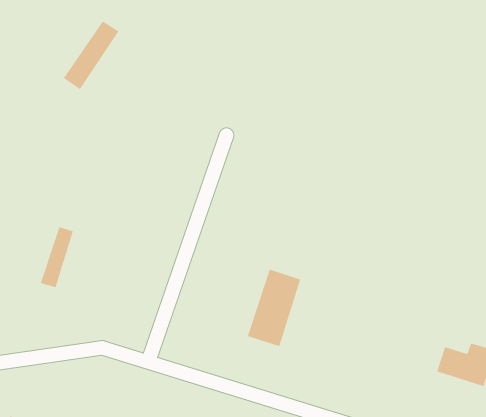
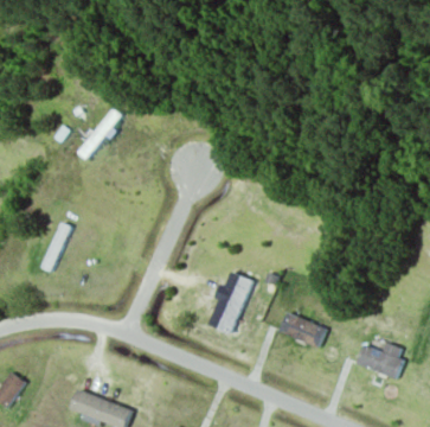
building: [63,21,120,90] -> [76,107,124,161]
building: none -> [277,311,328,349]

